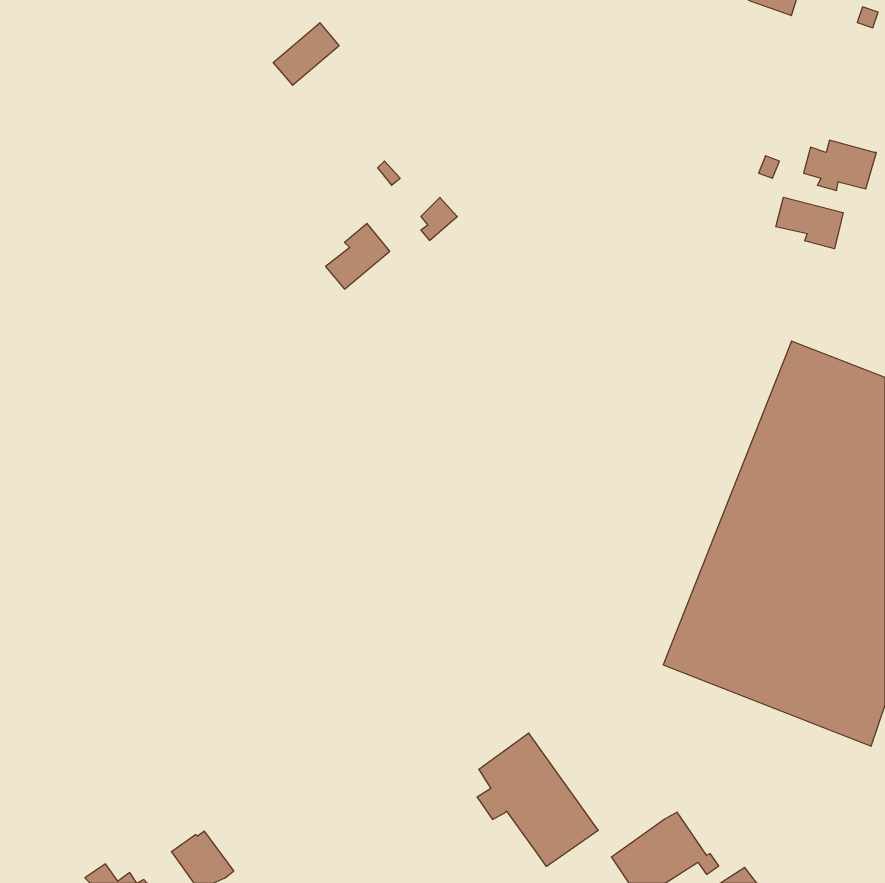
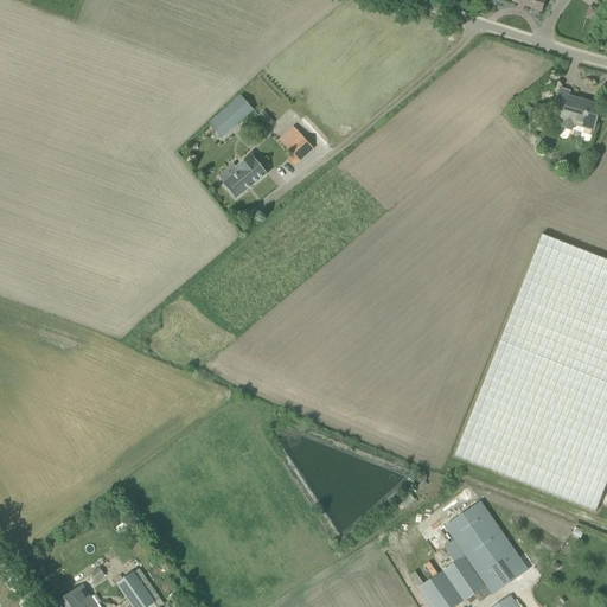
building: [273,23,339,85] -> [209,95,254,138]
building: [776,197,843,249] -> none
building: [477,733,598,866] -> [445,501,528,593]

